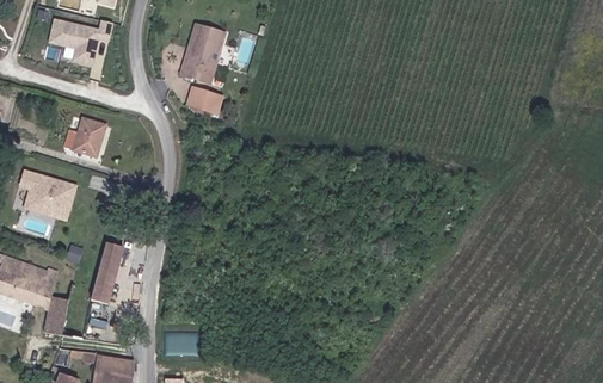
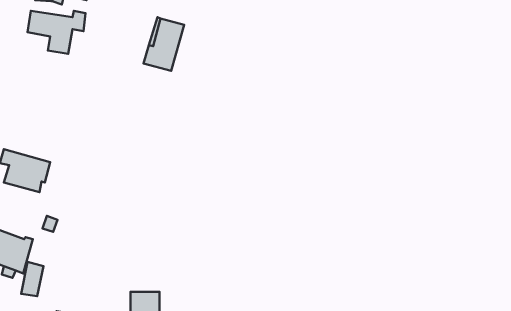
building: [187,87,222,112] -> none
building: [64,119,104,156] -> none
building: [92,242,124,302] -> none

